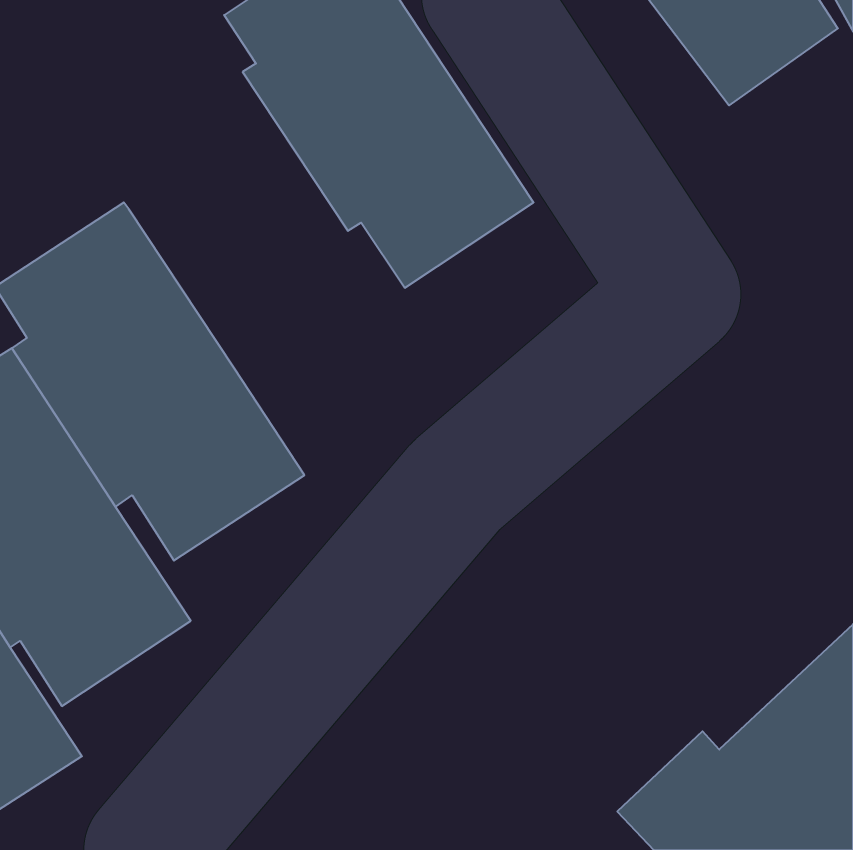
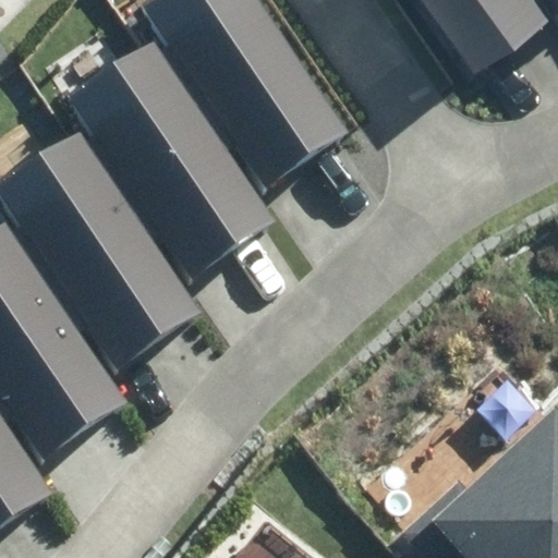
building: none -> [71,44,274,277]

